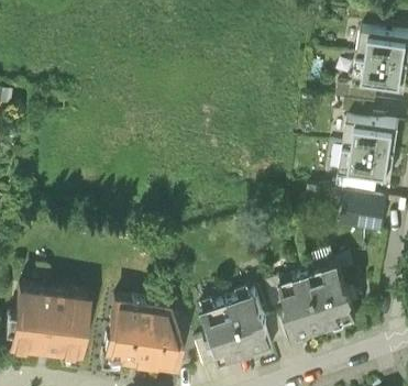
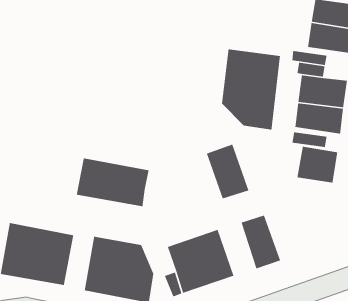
building: none -> [221,49,281,130]
building: none -> [76,158,149,207]
building: [307,261,356,324] -> [206,144,249,200]

